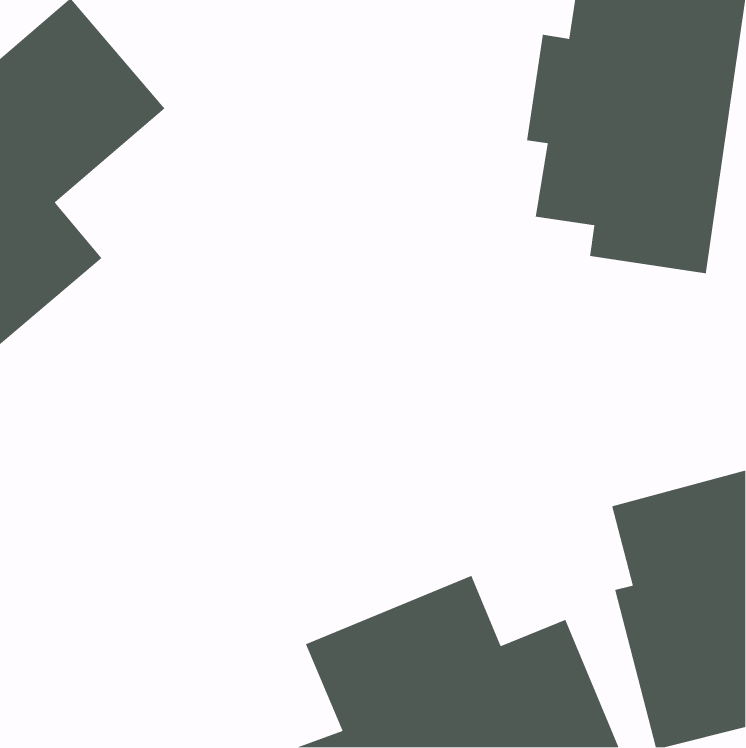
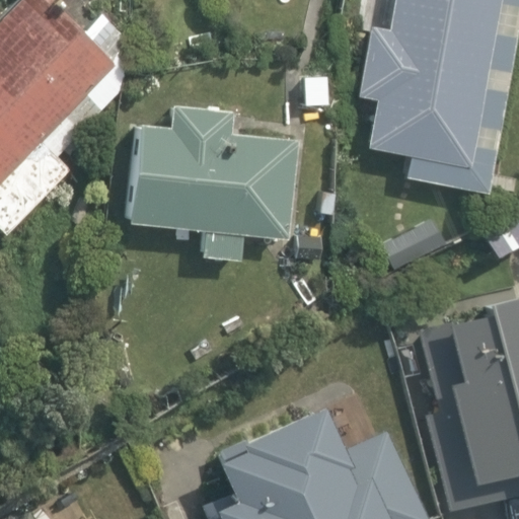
building: none -> [130,107,296,258]

